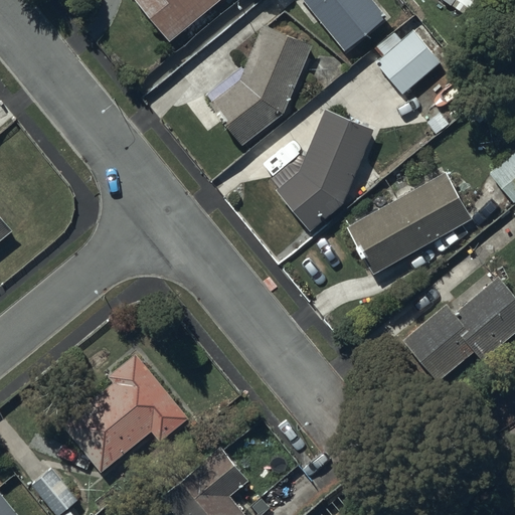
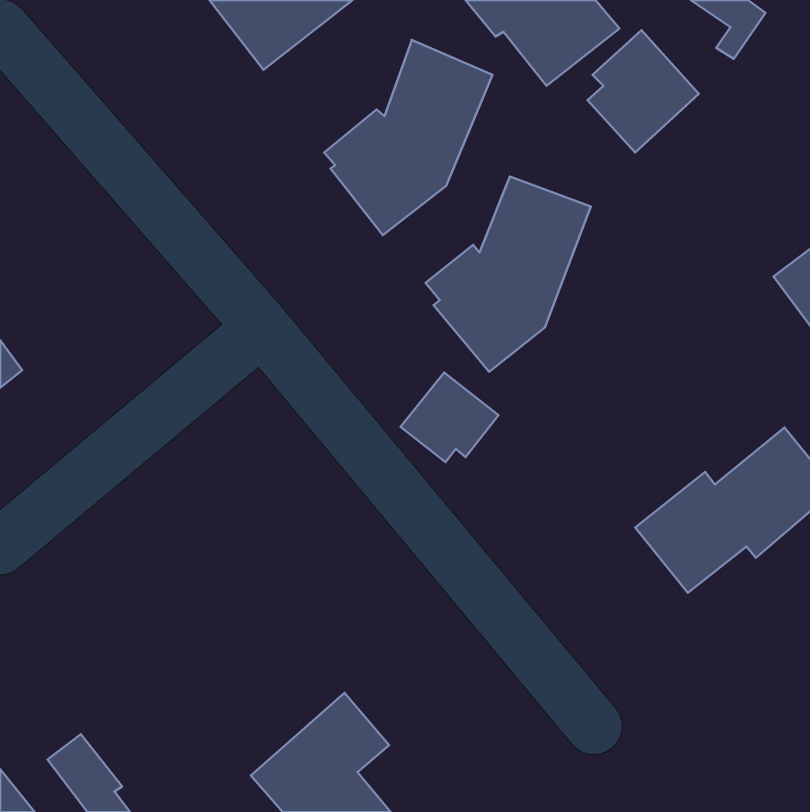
building: [348,175,471,276] -> none
building: none -> [401,373,498,462]
building: [62,347,188,466] -> none

